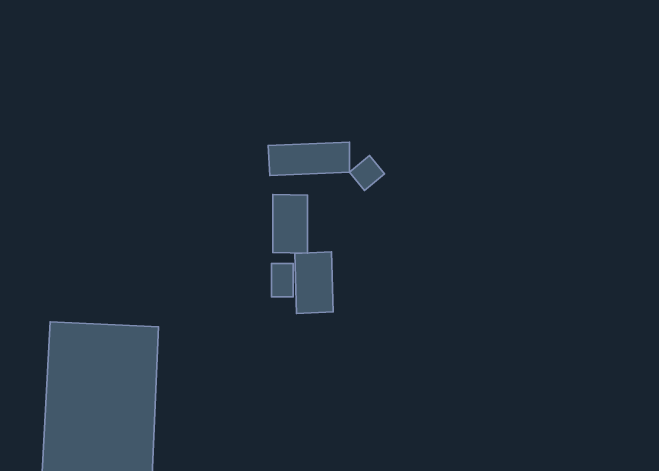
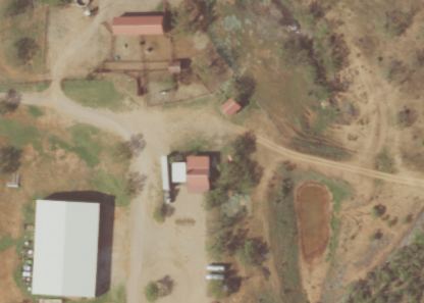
building: [268,142,350,175] -> [113,15,163,36]
building: [273,195,308,253] -> none

